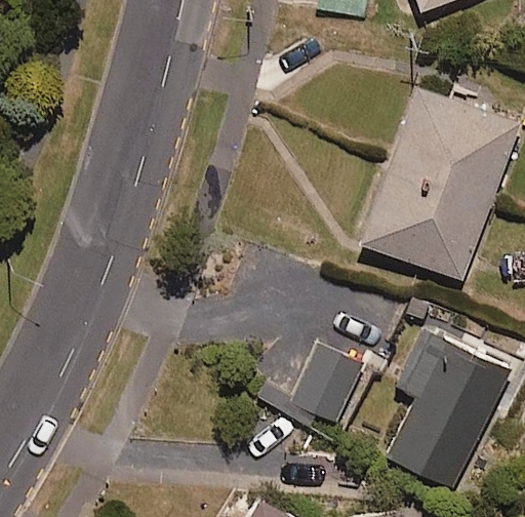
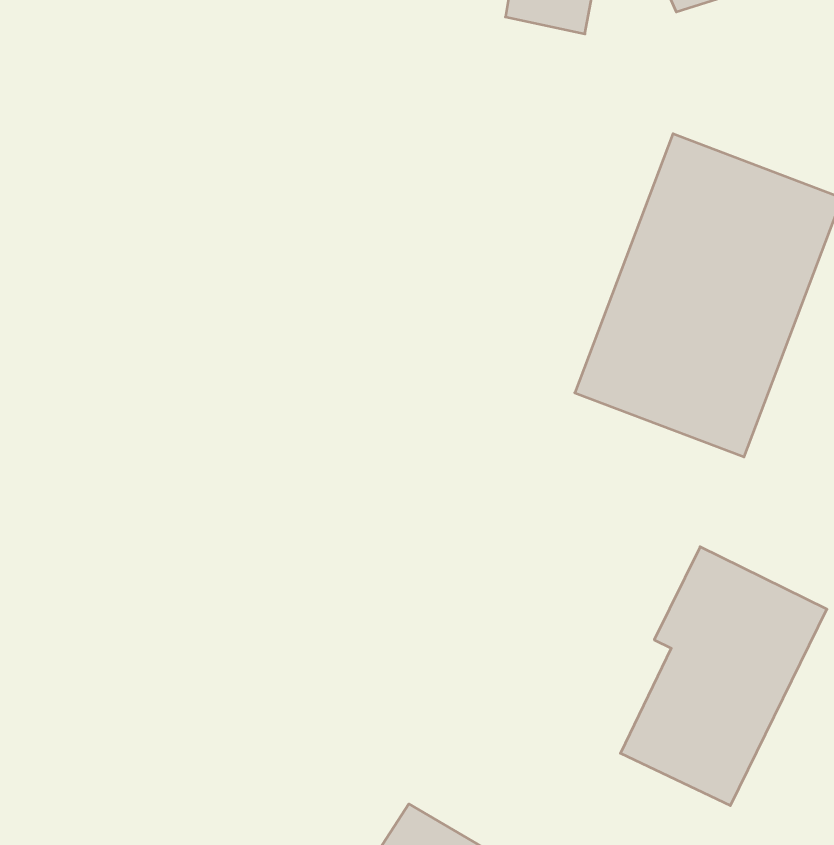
building: [286,340,366,427] -> none

